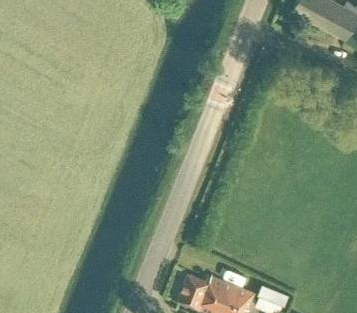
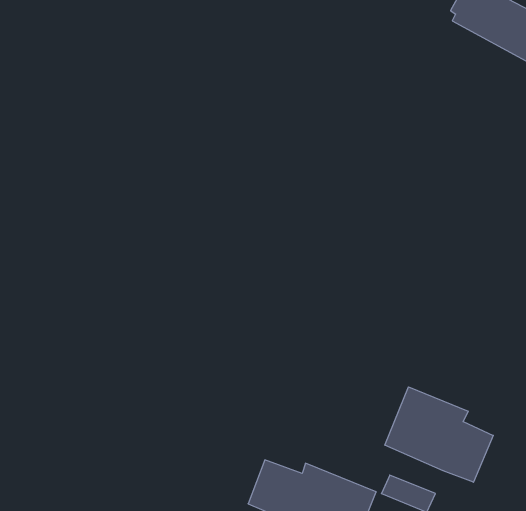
building: none -> [385,387,493,482]

